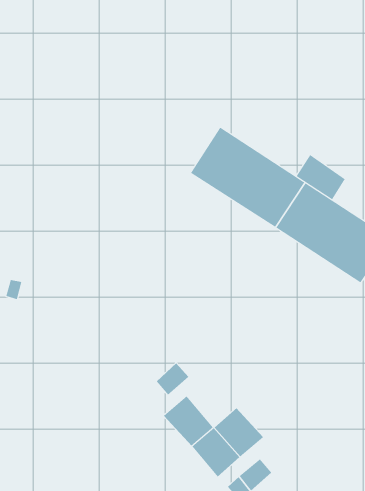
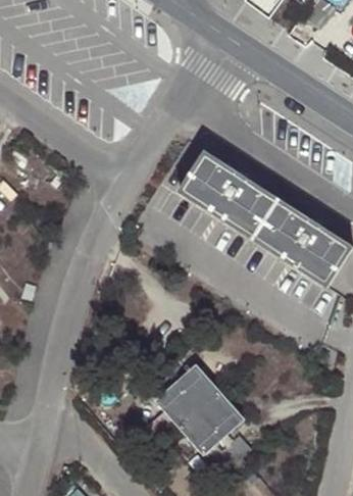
building: [296,154,346,200] -> none
building: none -> [178,365,220,410]

